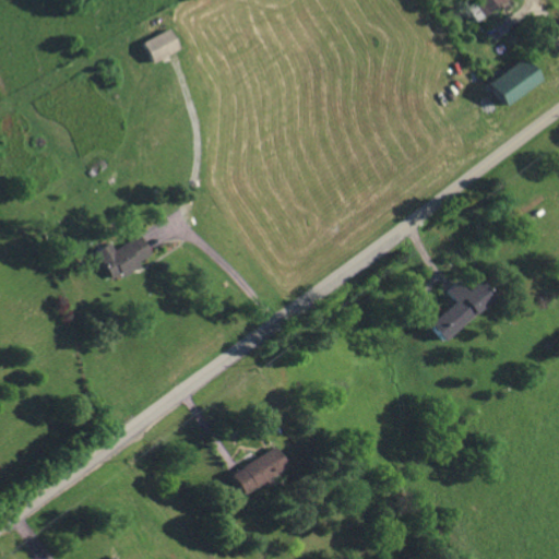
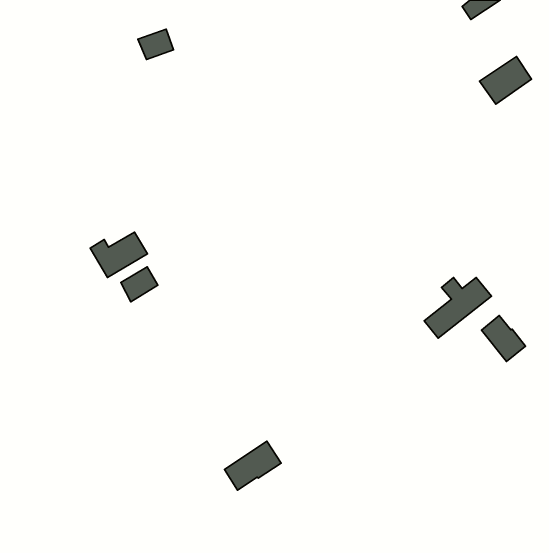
building: none -> [121,267,158,302]
building: none -> [482,315,525,361]

